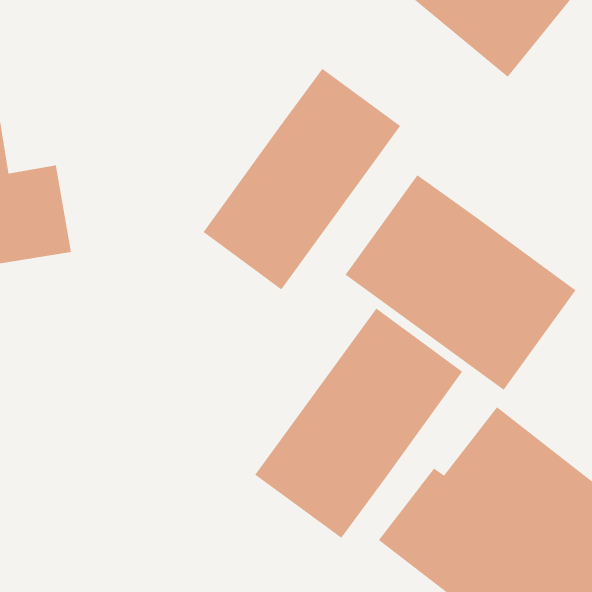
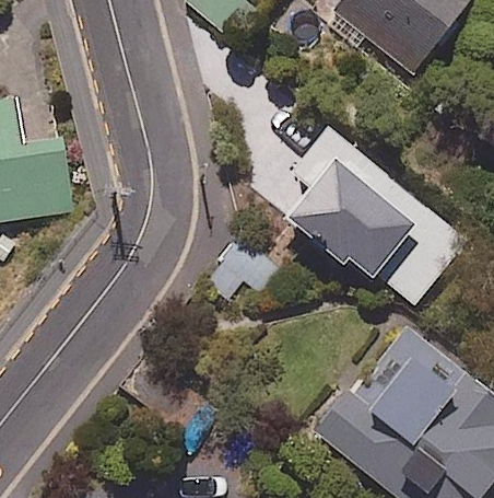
building: [202,68,401,290] -> none
building: [254,307,463,539] -> none

